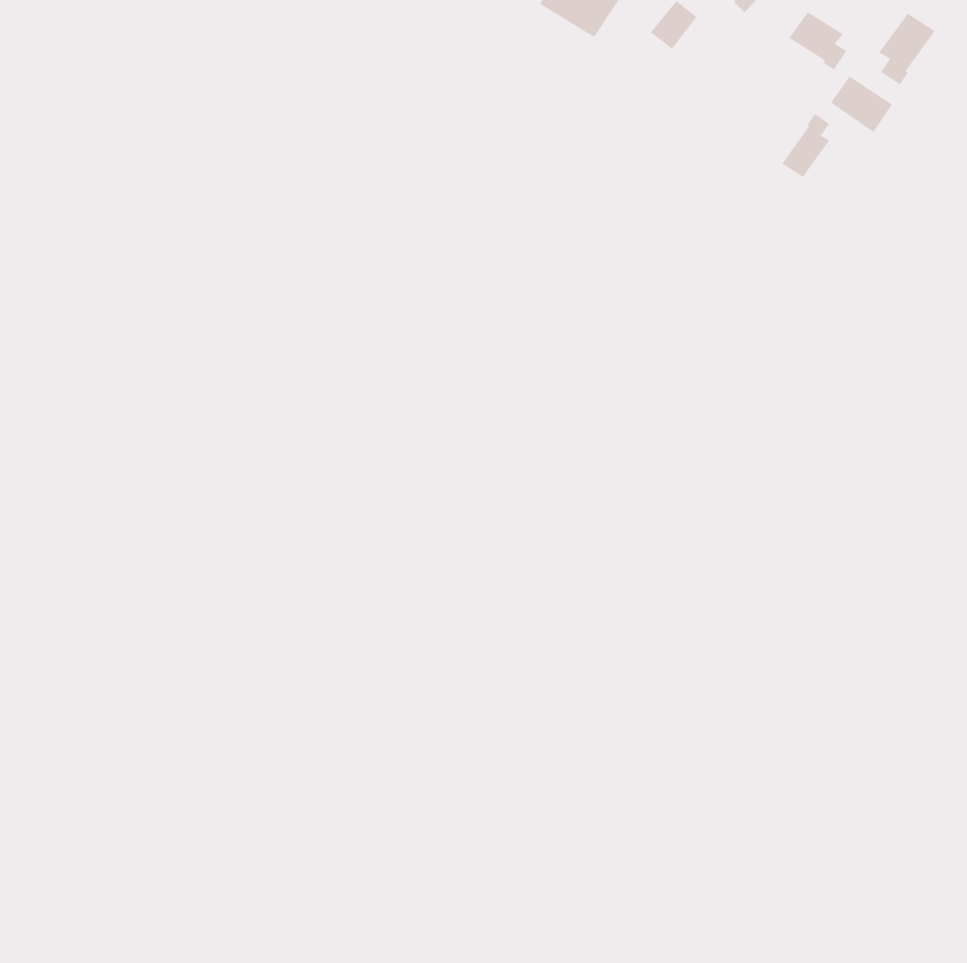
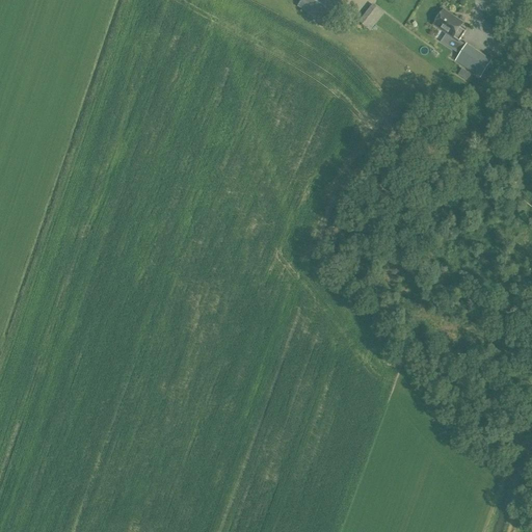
building: [878,13,936,85] -> none
building: [781,113,830,178] -> none

